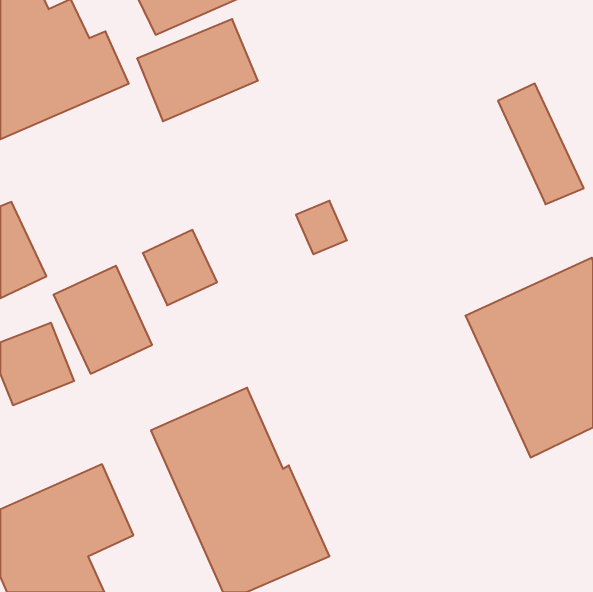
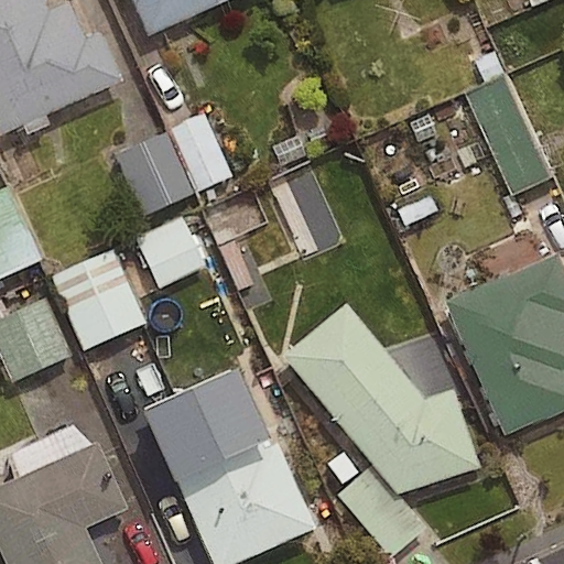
building: [137,19,258,121] -> [117,122,231,219]
building: none -> [282,303,480,495]

